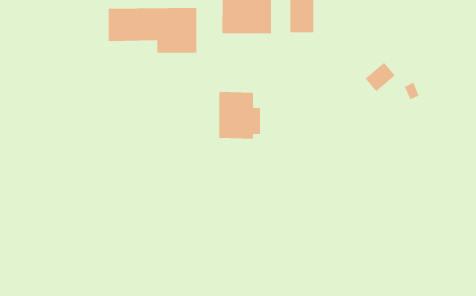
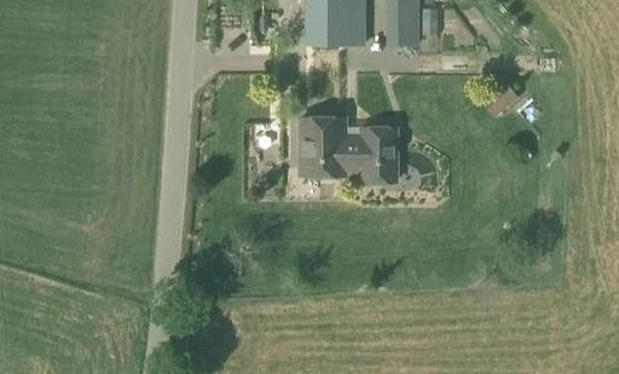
building: [108,7,197,54] -> none
building: none -> [353,127,397,182]

